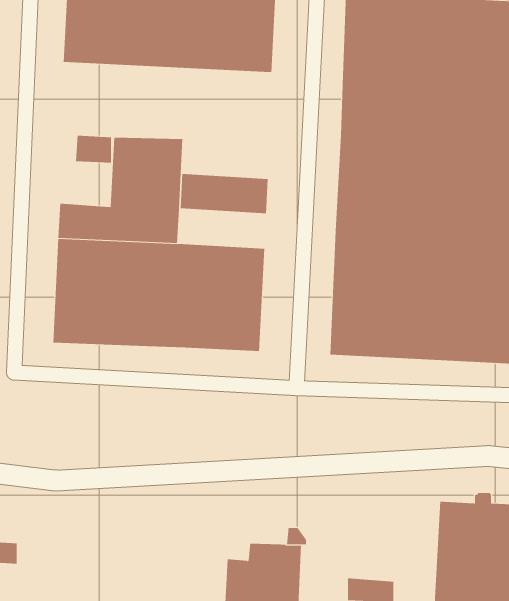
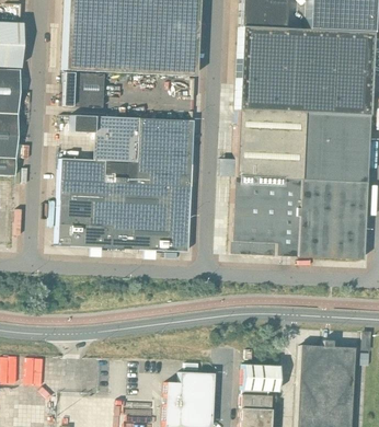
building: none -> [64,71,105,107]
building: none -> [139,117,195,142]
building: none -> [137,161,193,186]
building: none -> [243,363,279,391]

